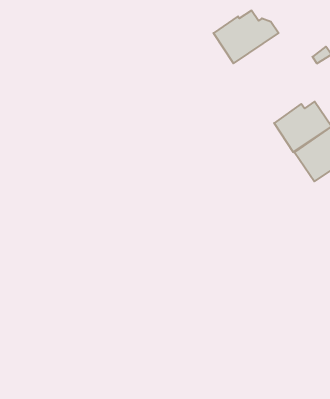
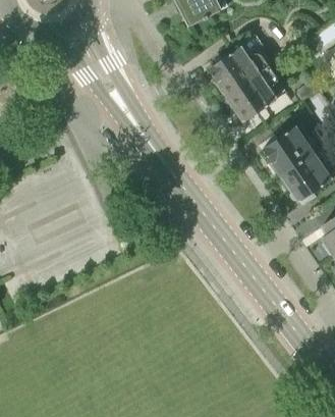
building: none -> [226,67,275,120]

